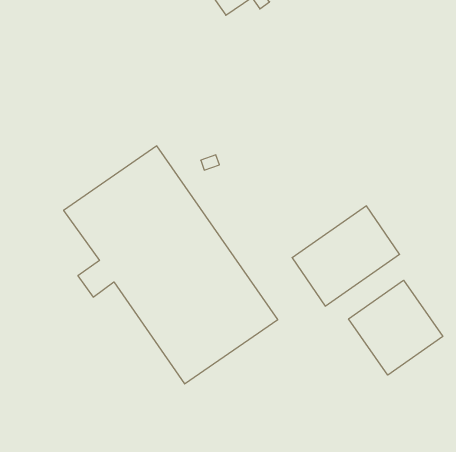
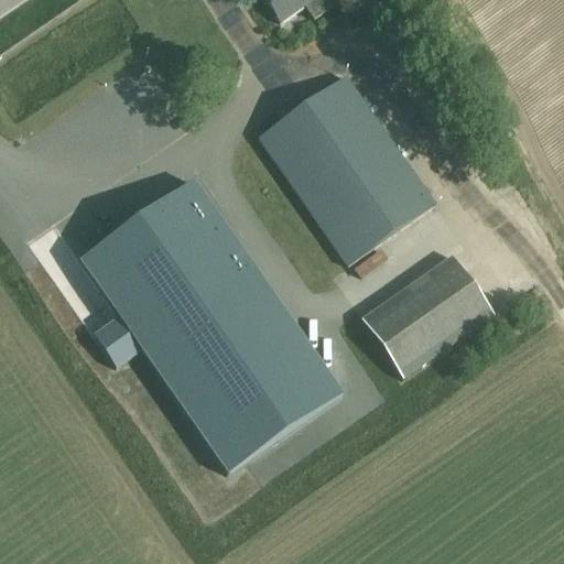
building: none -> [259,74,435,263]
building: [349,280,443,375] -> none

